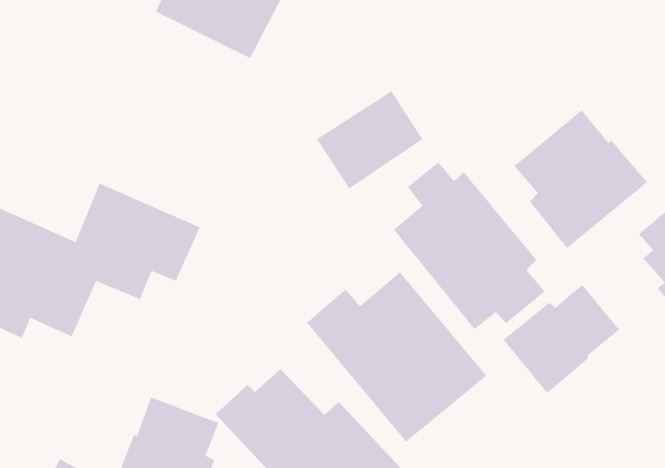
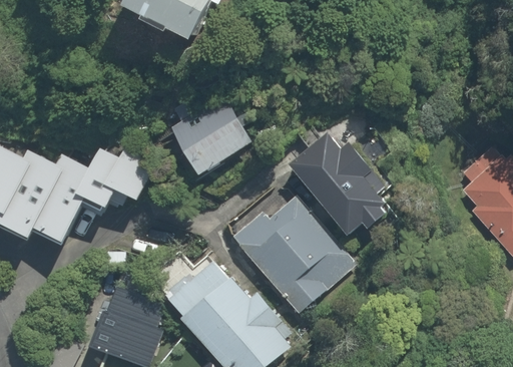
building: [316,91,423,189] -> [174,107,249,176]
building: [514,109,648,249] -> none
building: [503,284,620,394] -> none

